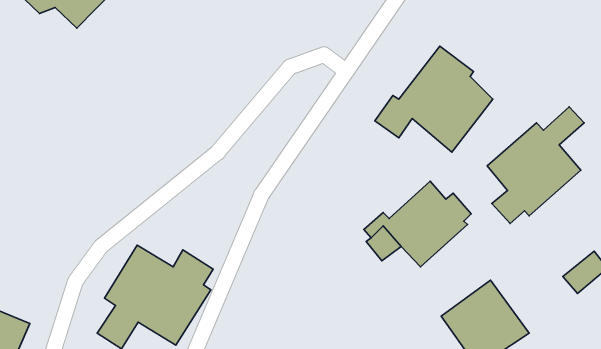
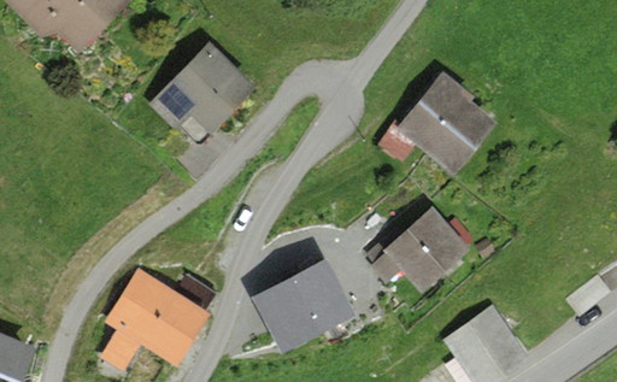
building: none -> [148,42,255,135]
building: [487,107,584,224] -> none
building: none -> [252,258,353,352]

